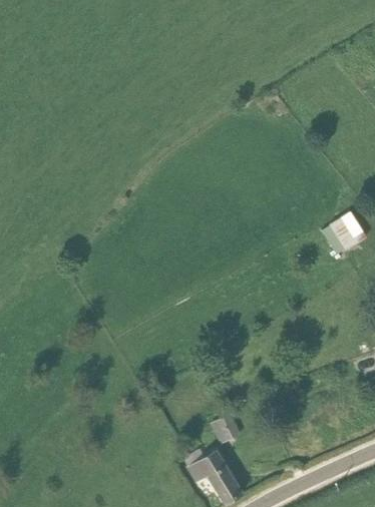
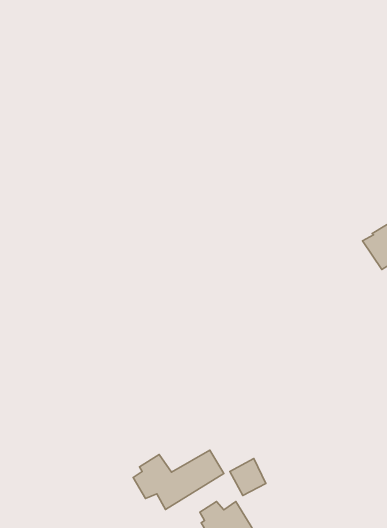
building: none -> [133,450,224,510]

